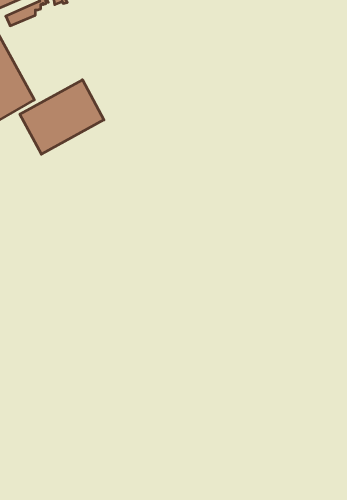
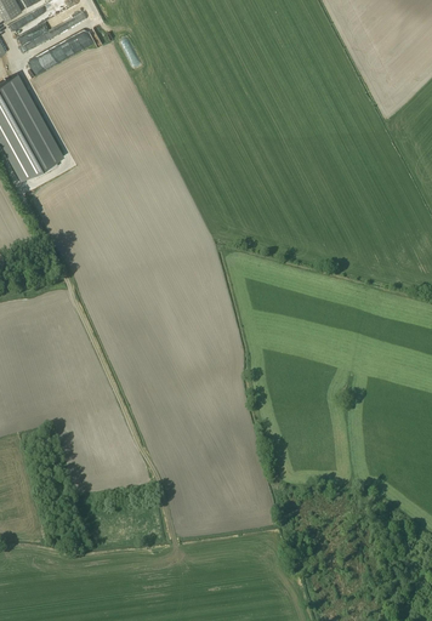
building: [20,80,104,154] -> none

